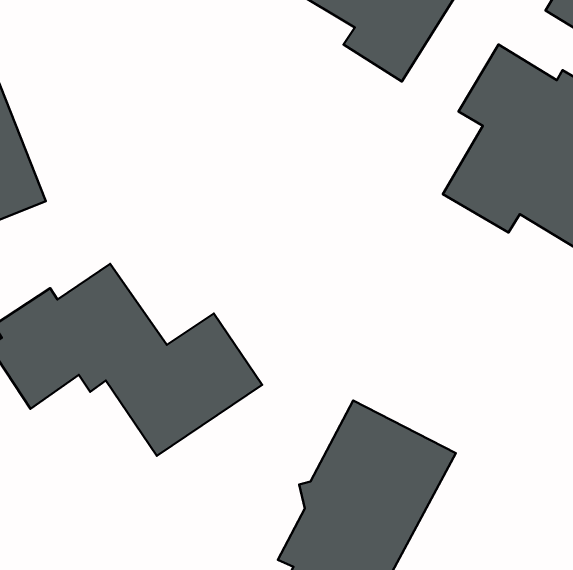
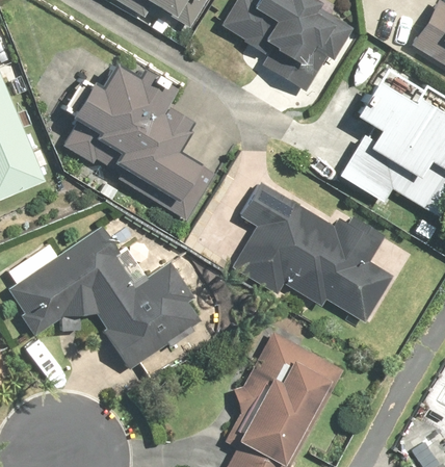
building: none -> [66,73,214,229]
building: none -> [231,182,395,323]

